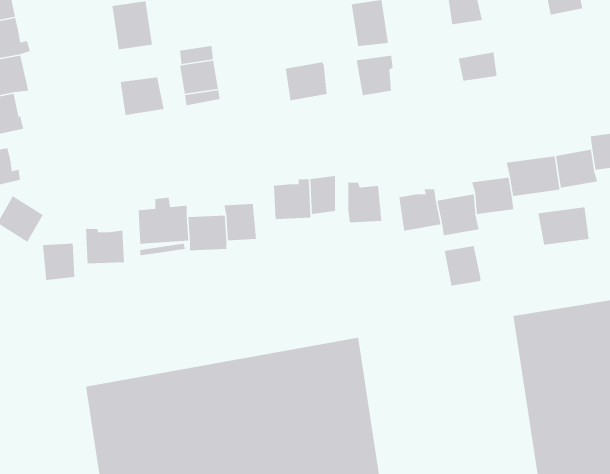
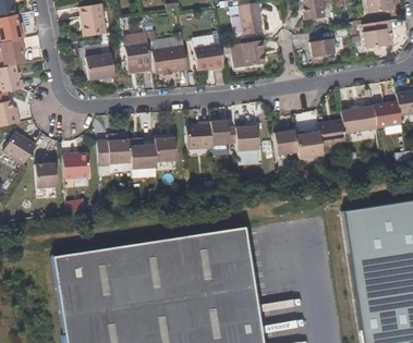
building: none -> [361,21,388,49]
building: none -> [153,46,187,73]
building: [537,206,590,245] -> none
building: [444,245,481,287] -> none

